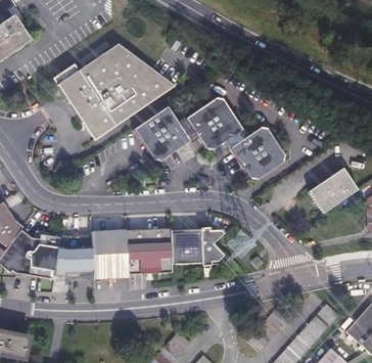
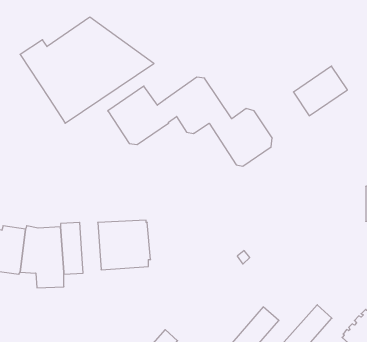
building: [308,166,357,211] -> [293,66,347,116]
building: [170,225,223,263] -> none
building: [108,228,128,274] -> none

